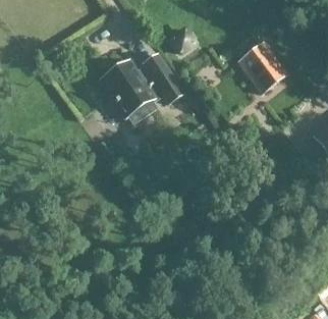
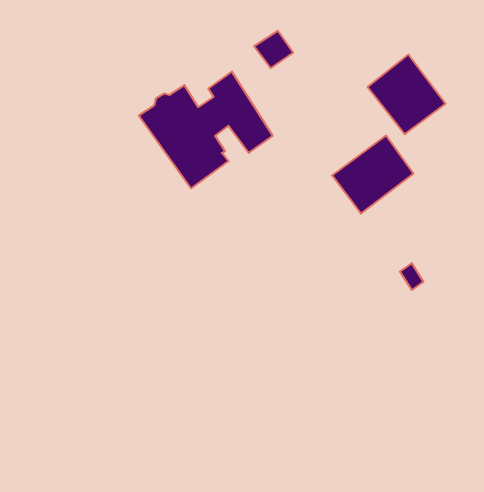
building: none -> [332,136,413,214]

